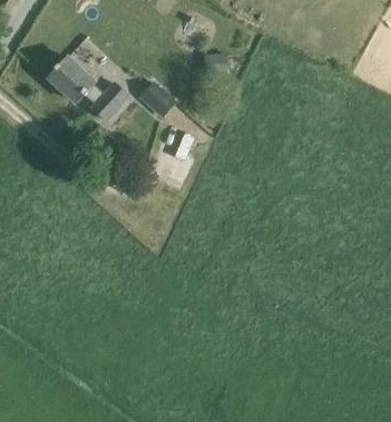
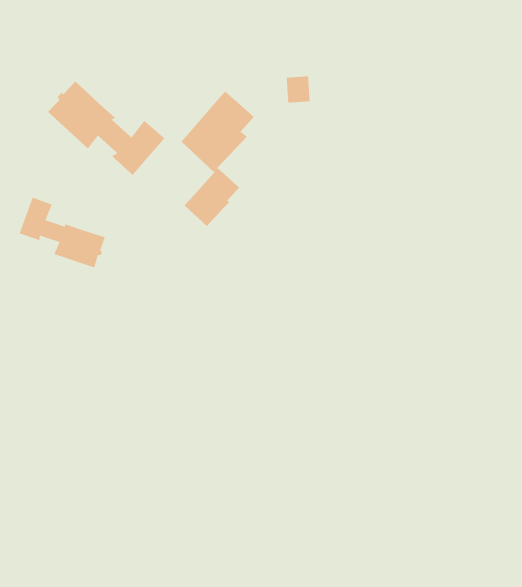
building: none -> [18,196,106,268]

